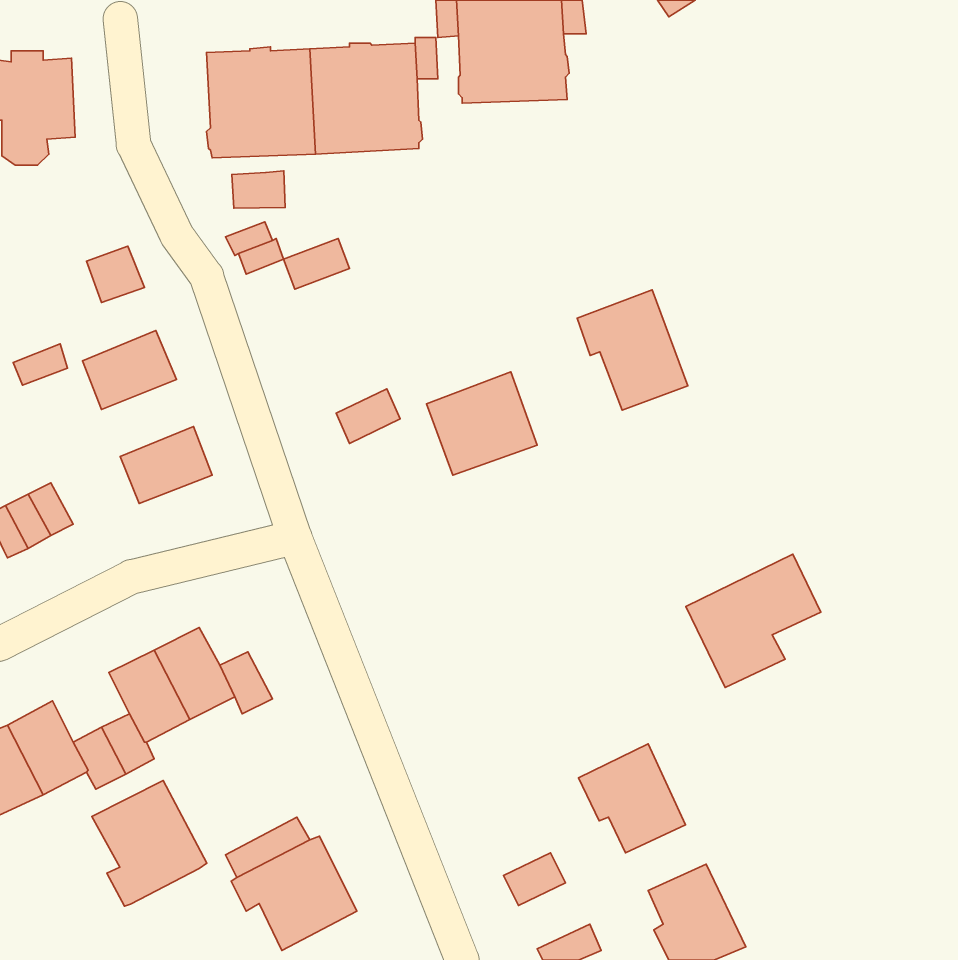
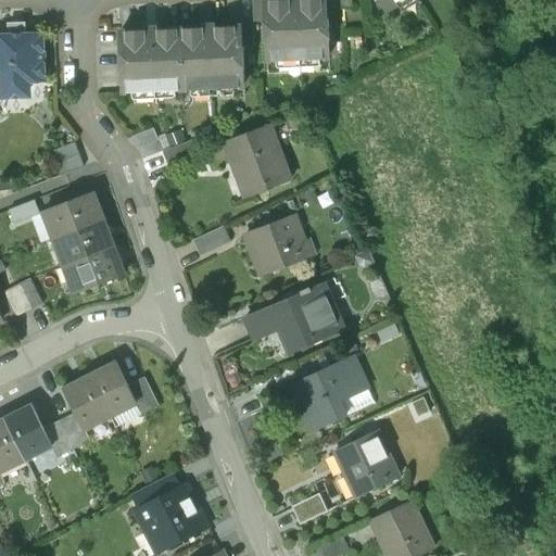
building: [232,171,285,208] -> none
building: [577,290,688,410] -> [227,125,291,194]
building: none -> [59,219,112,264]
building: none -> [245,285,339,349]
building: [686,554,821,687] -> [289,355,367,432]
building: [92,780,207,906] -> none

